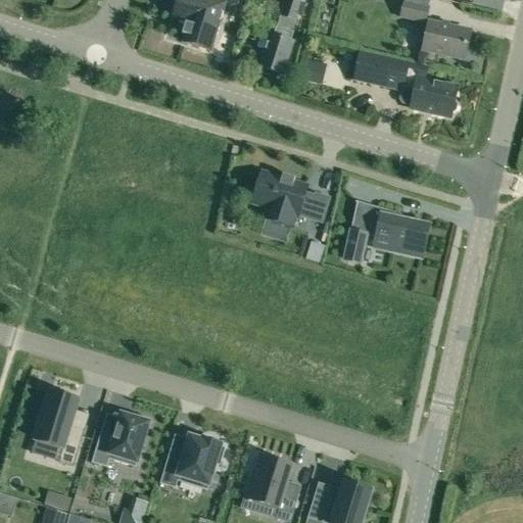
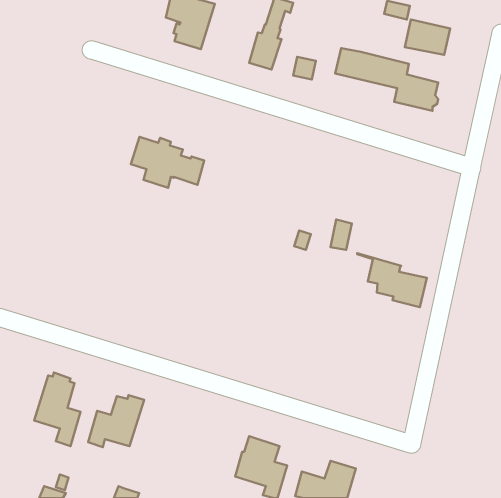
building: [252,172,329,225] -> [131,137,204,188]
building: [355,199,428,255] -> [357,253,427,307]
building: [160,435,224,488] -> none

